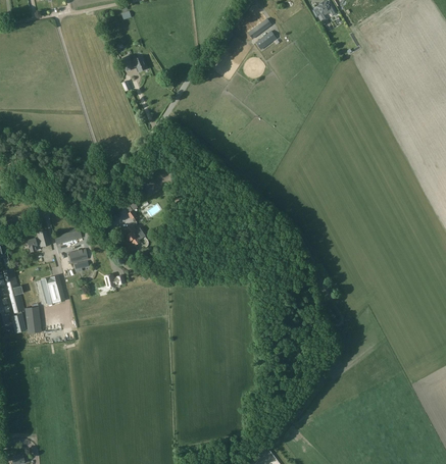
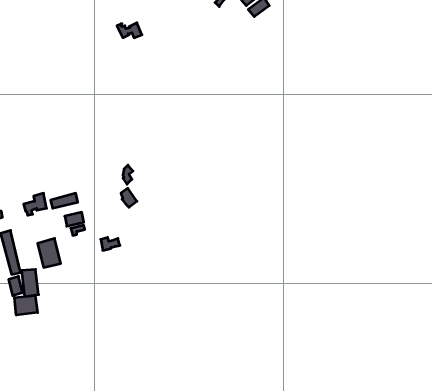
building: none -> [15,295,38,315]

